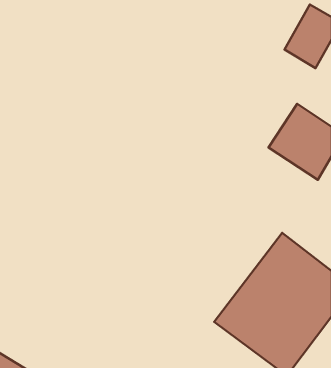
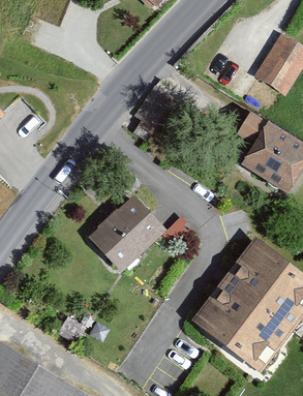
building: none -> [90,200,162,272]

